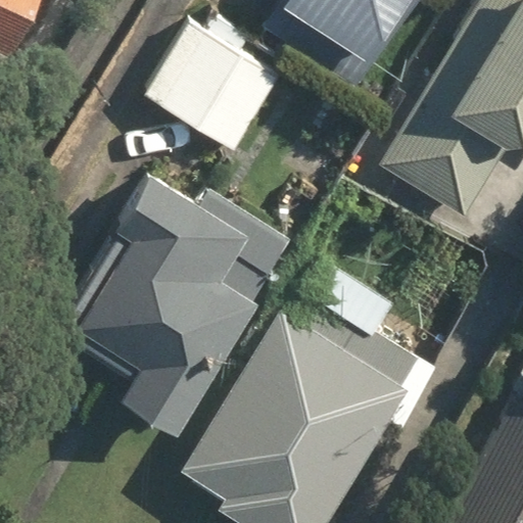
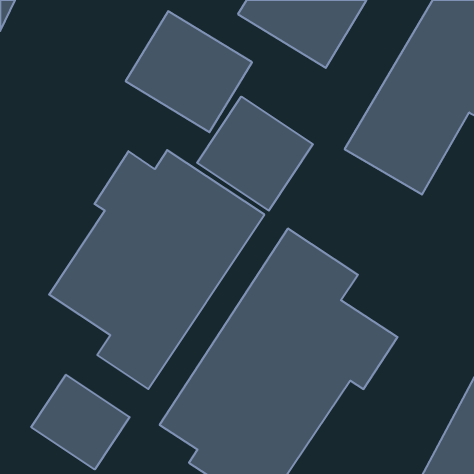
building: none -> [197,97,313,211]
building: none -> [31,375,130,469]

